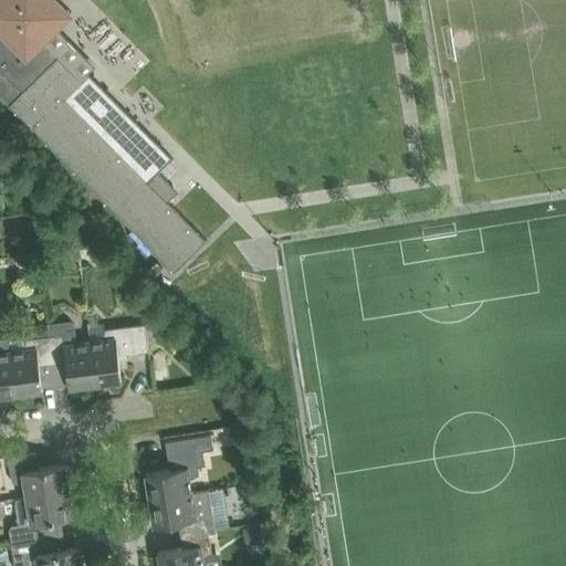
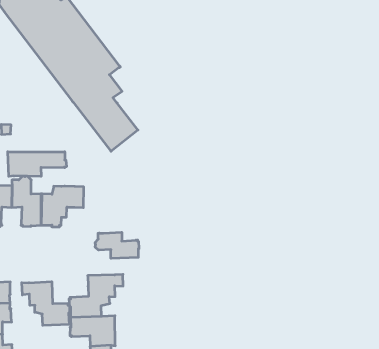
building: none -> [8,152,66,176]
building: none -> [95,232,139,258]
building: none -> [22,282,69,325]

